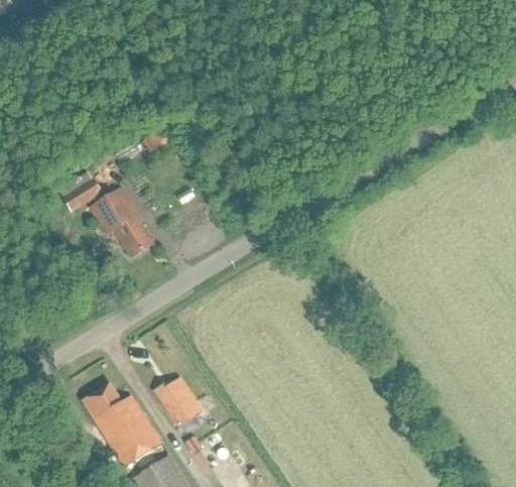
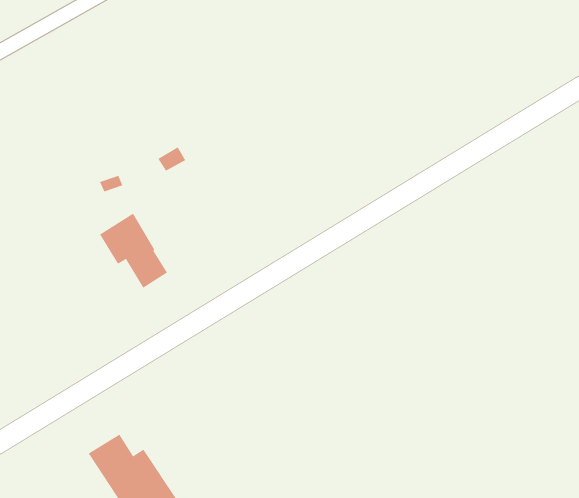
building: [58,177,105,213] -> none
building: [154,380,192,427] -> none

